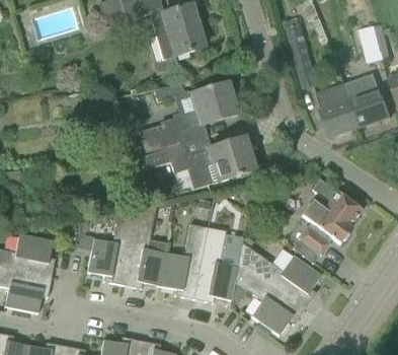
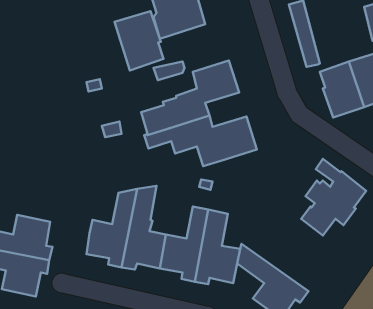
building: none -> [114,11,164,71]
building: [239,243,321,308] -> none

